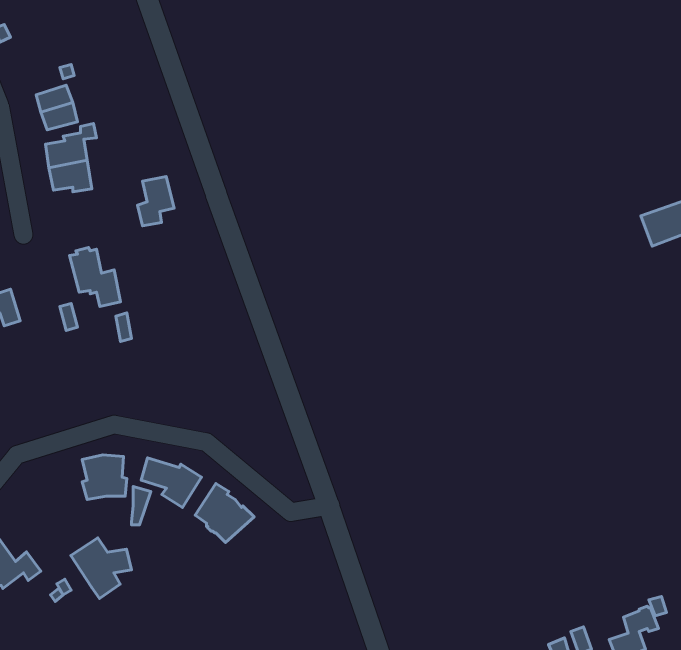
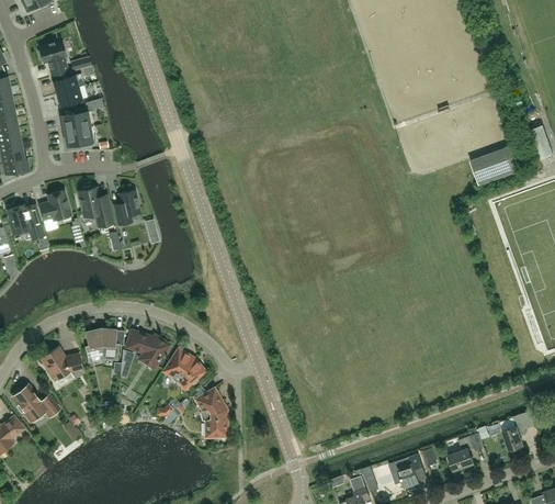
building: none -> [38,40,68,75]
building: [138,176,174,226] -> [115,190,140,224]
building: none -> [39,190,71,220]
building: [71,538,131,598] -> [41,346,82,388]
building: none -> [196,388,227,436]

